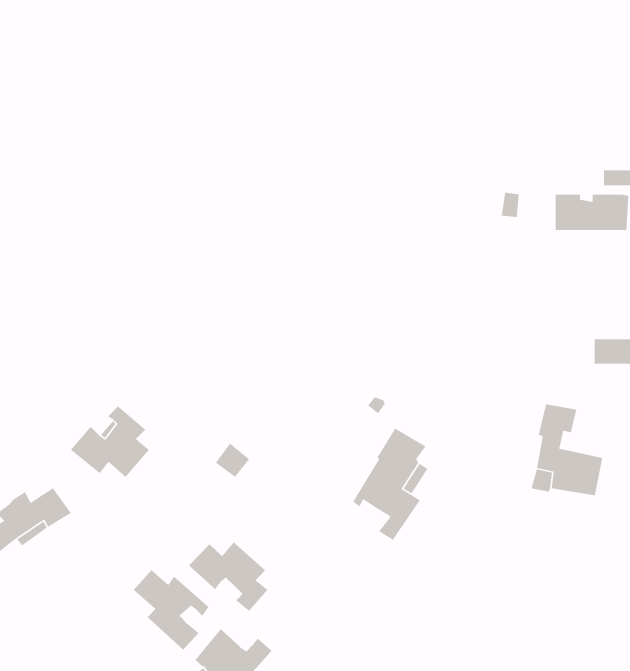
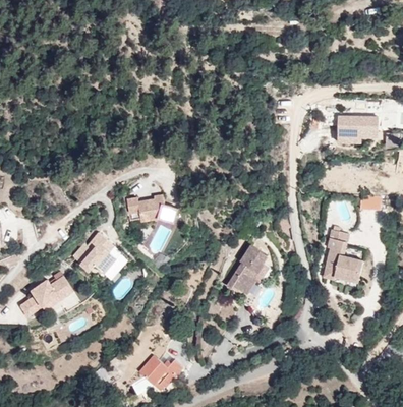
building: none -> [126,197,178,224]
building: [188,542,269,612] -> none
building: [133,569,209,651] -> none

